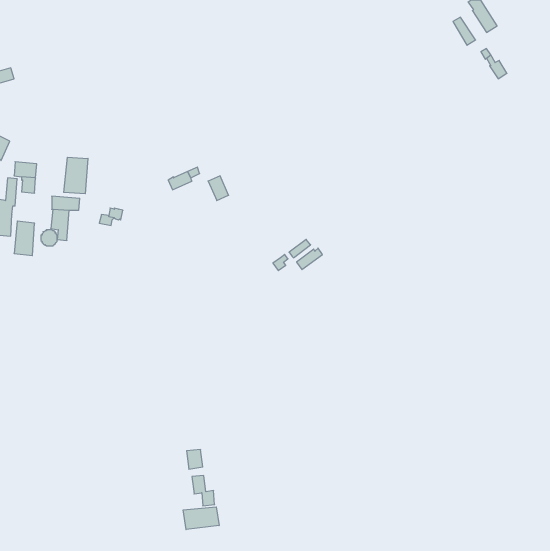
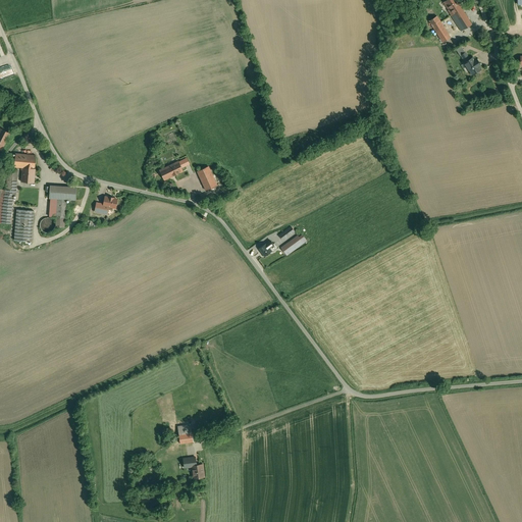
building: [64,157,88,194] -> none
building: [183,507,219,530] -> none

